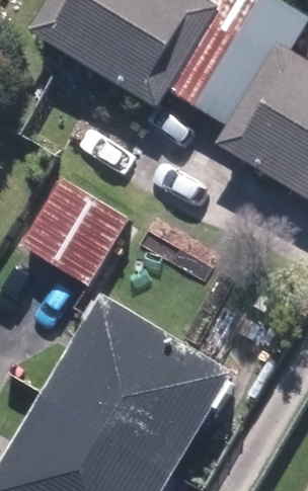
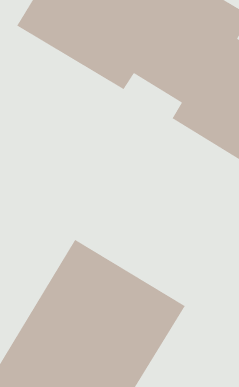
building: [18,175,130,287] -> none

